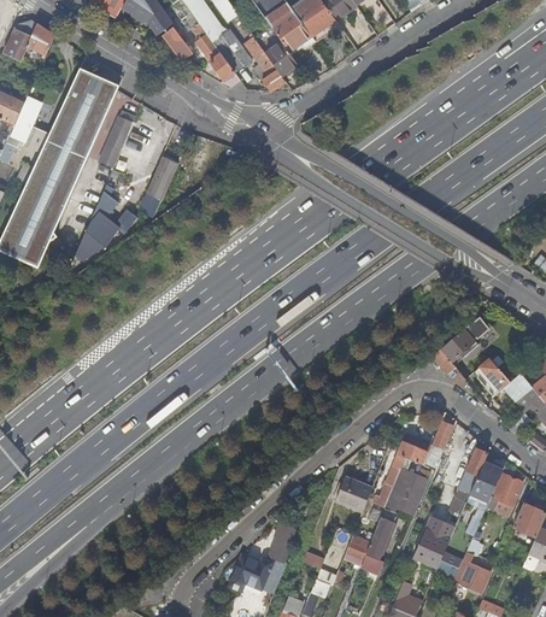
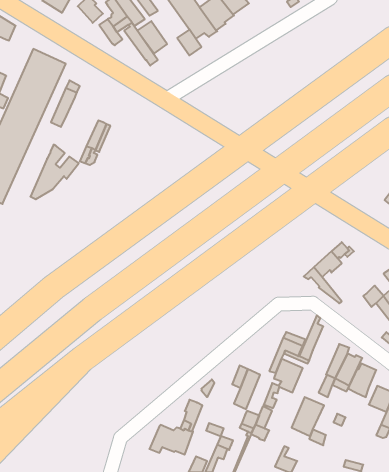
building: [243,36,284,90] -> none
building: [472,357,510,394] -> none
building: [457,562,491,597] -> none

